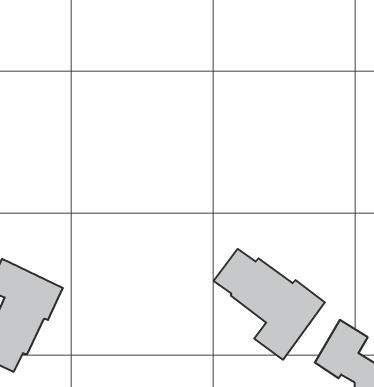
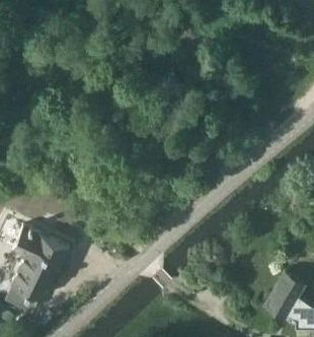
building: [214,249,325,360] -> none

